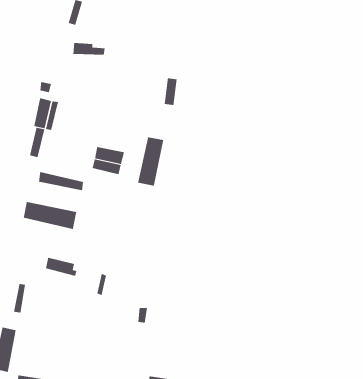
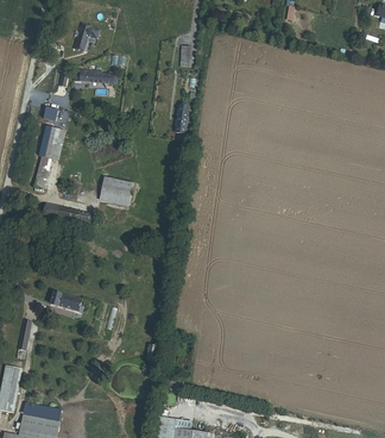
building: [137,136,164,187] -> none
building: [23,201,77,230] -> none

